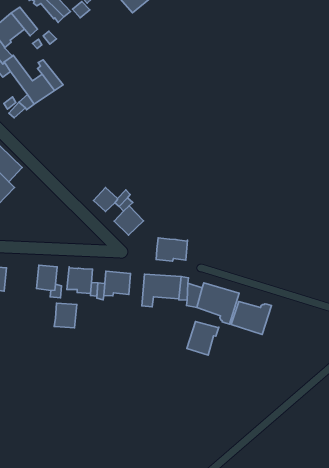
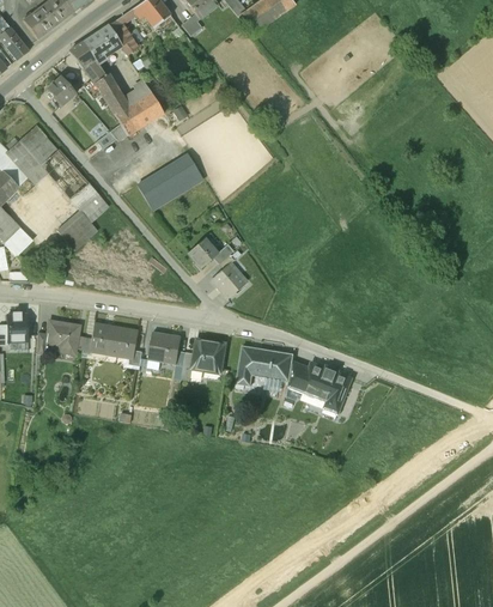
building: none -> [136,156,201,211]
building: [156,238,187,261] -> none
building: [231,302,271,335] -> none
building: [54,303,77,328] -> [89,322,117,353]
building: [187,321,219,355] -> none

